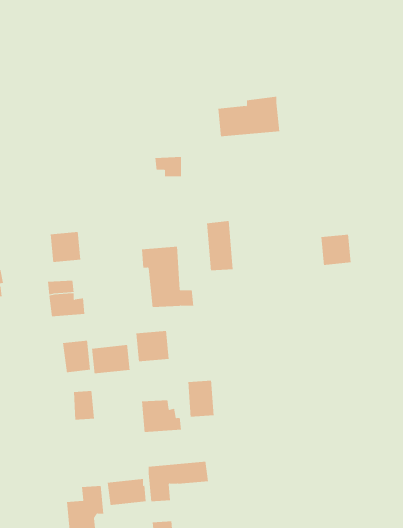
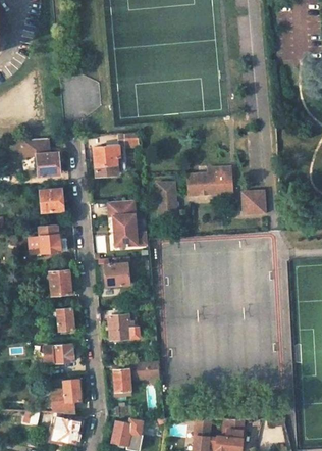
building: [218,96,280,137] -> [187,165,234,196]
building: none -> [20,139,60,177]
building: none -> [94,145,120,177]
building: [91,344,130,374] -> none
building: [188,380,214,418] -> none
building: [107,478,146,506] -> [44,344,73,364]

